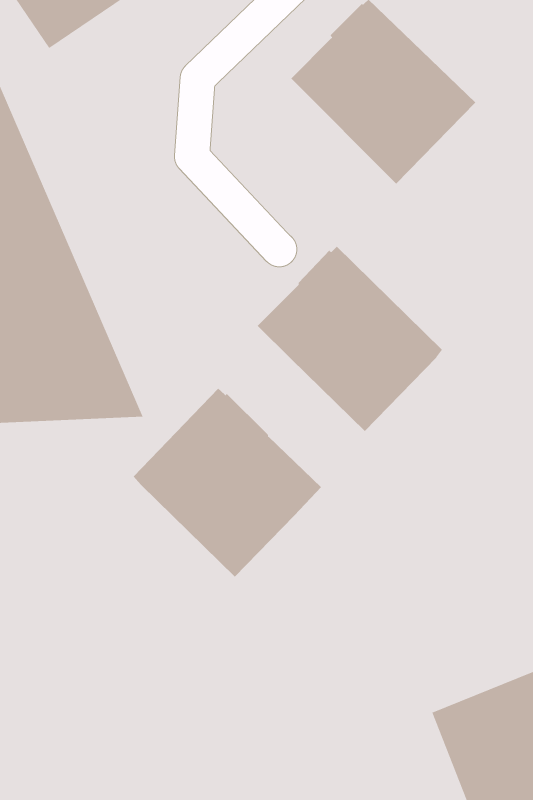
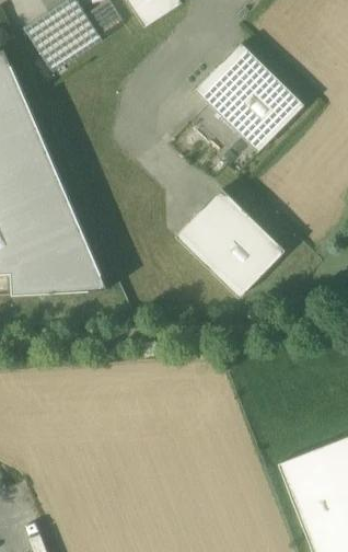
building: [133,388,322,577] -> none

